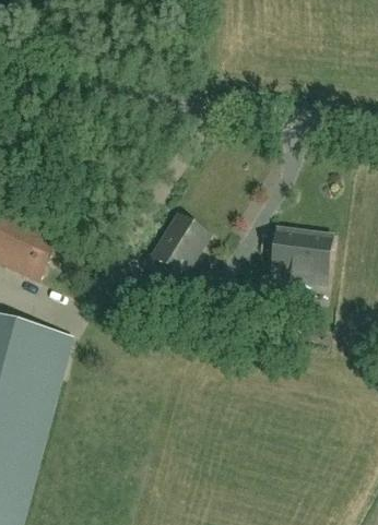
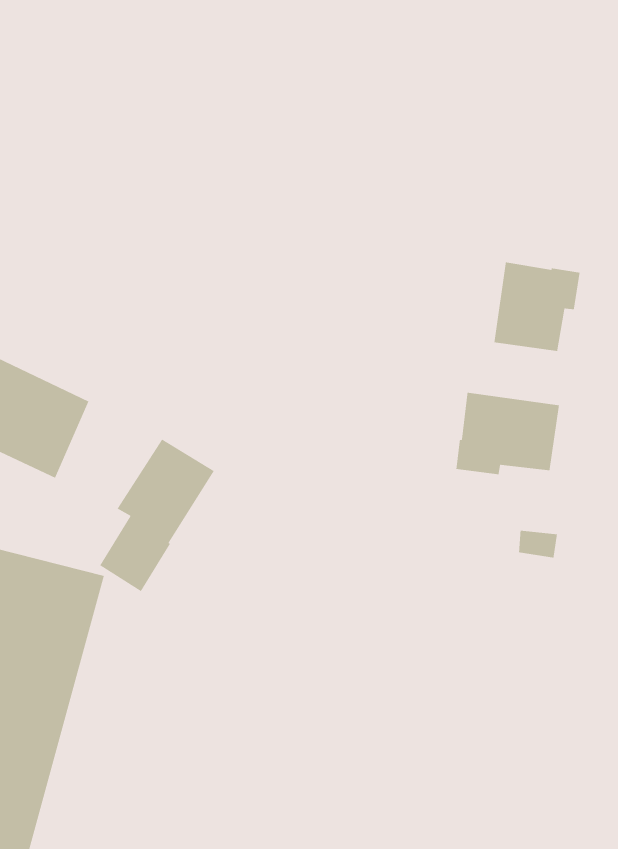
building: none -> [494,262,581,352]
building: [142,213,209,301] -> [99,439,215,592]

